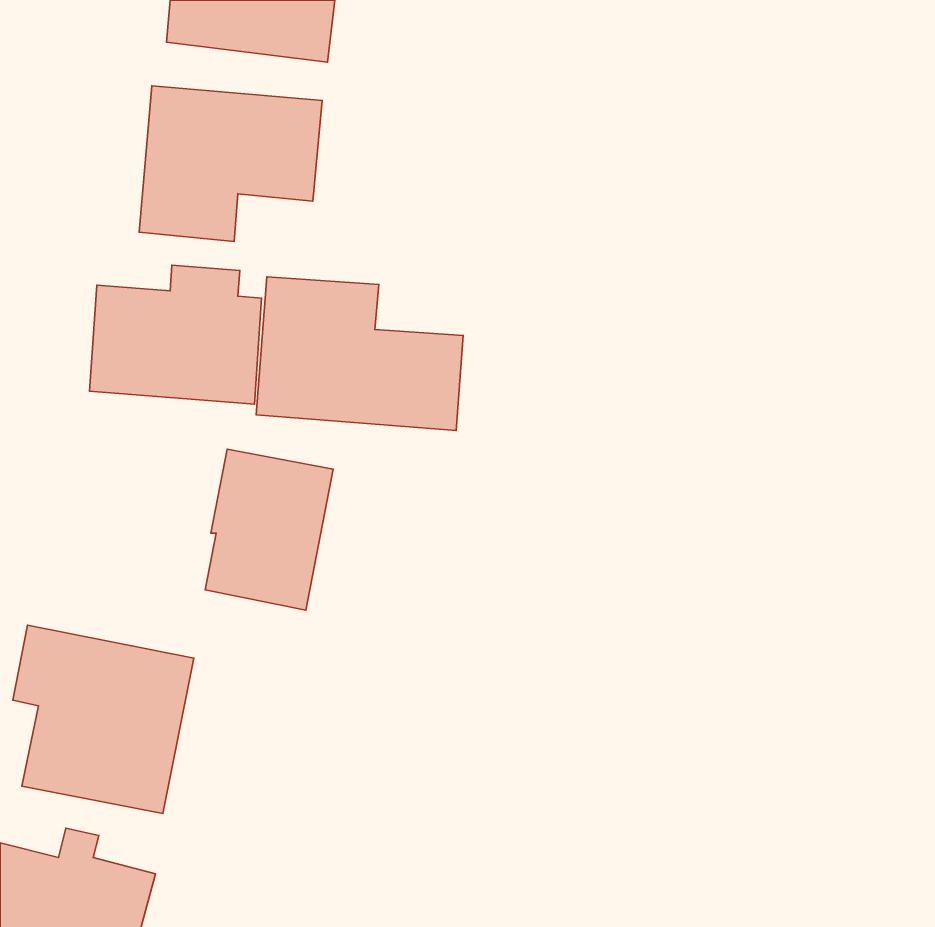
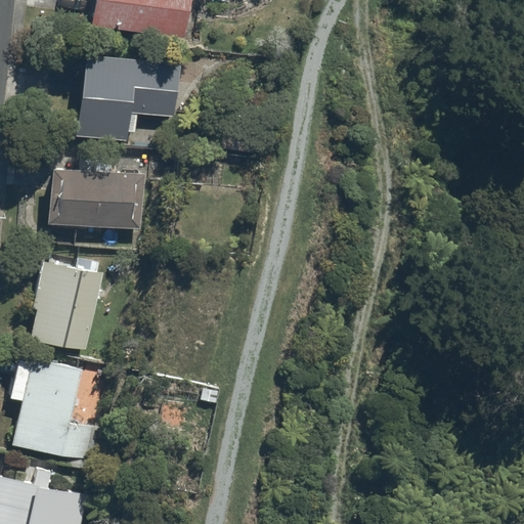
building: [256,277,463,431] -> none
building: [205,449,333,610] -> [30,261,101,351]

